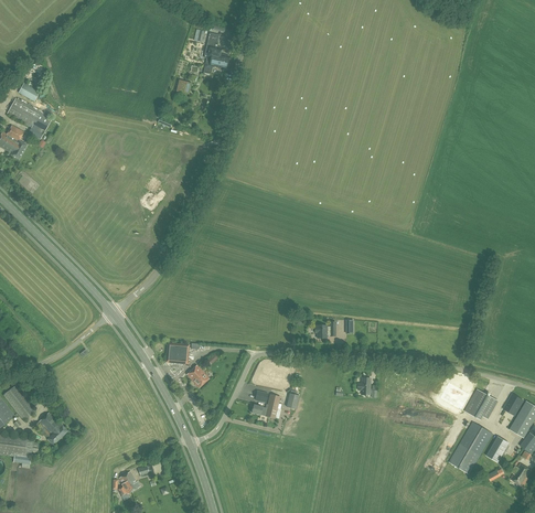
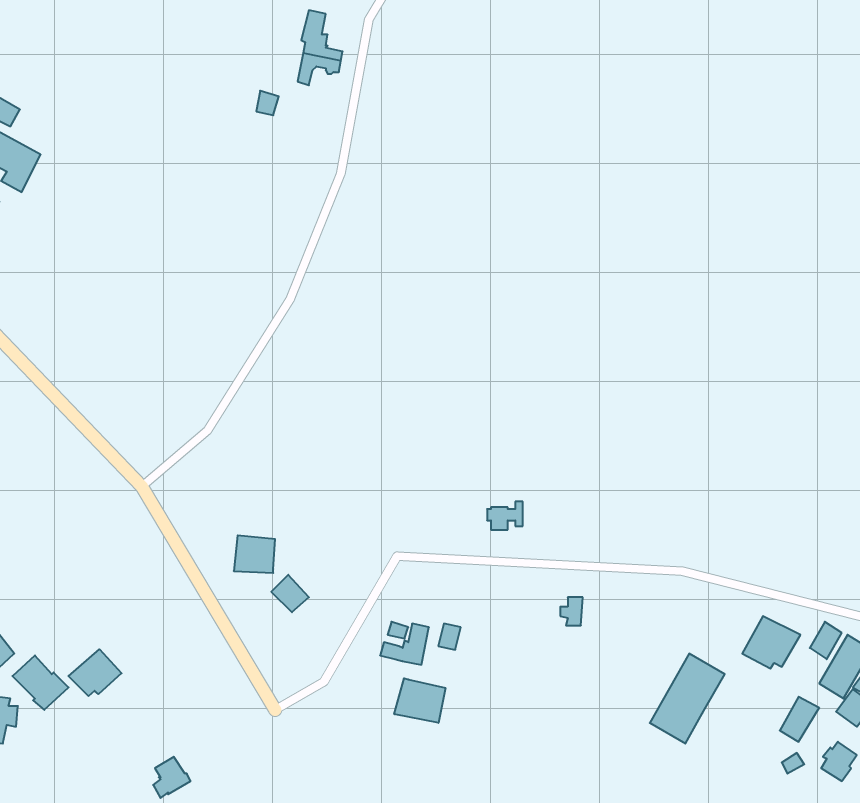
building: none -> [68,649,122,696]
building: [448,420,492,473] -> [650,654,725,744]
building: none -> [394,678,445,723]

